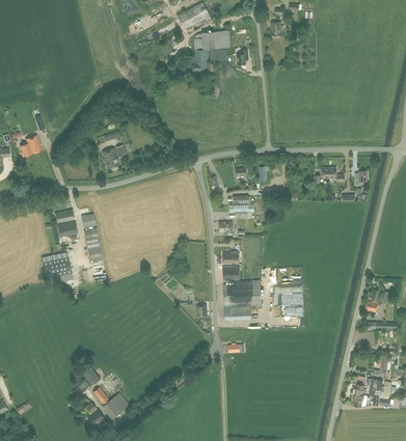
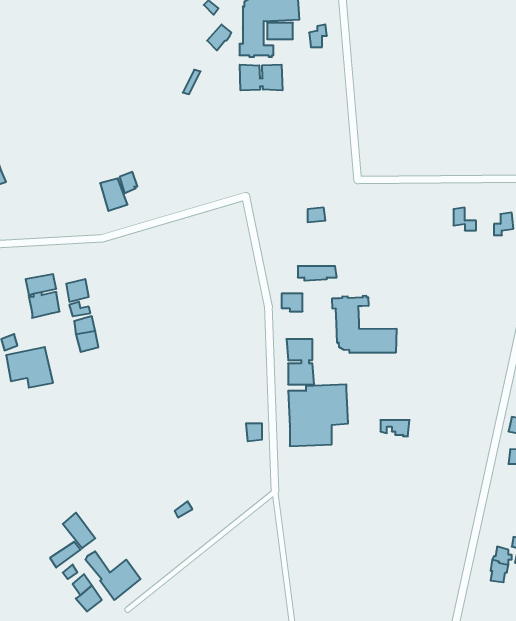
building: none -> [240,65,282,90]
building: none -> [332,296,397,353]

